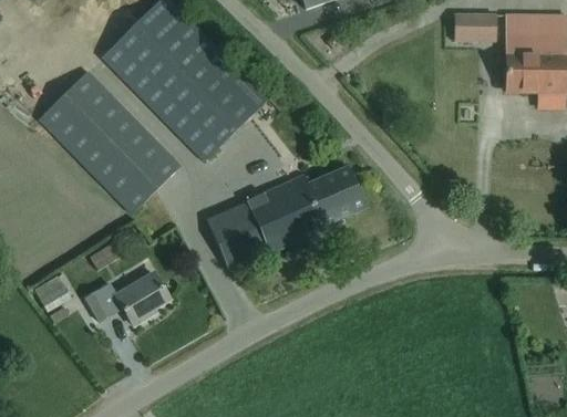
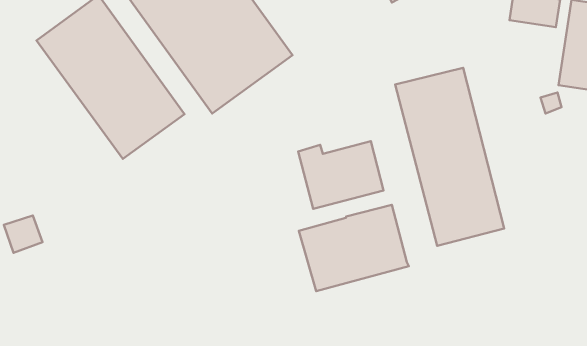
building: none -> [395,68,504,246]
building: [206,184,308,270] -> [299,205,409,291]
building: [85,272,168,325] -> none

